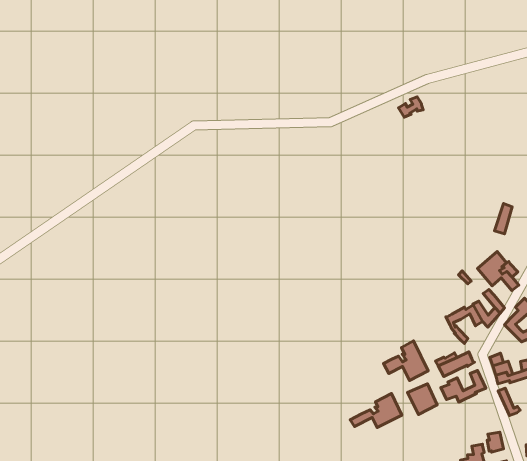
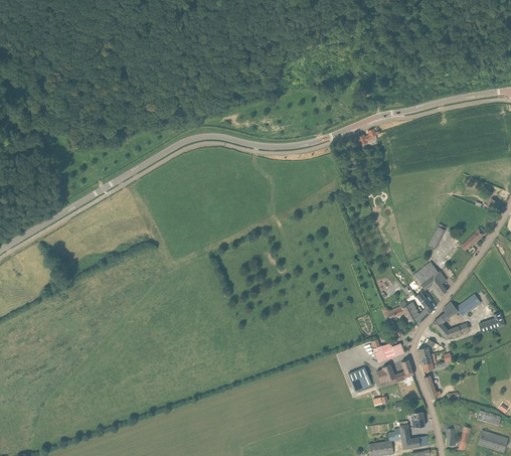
building: [383,341,428,380] -> none
building: [350,394,402,428] -> none

